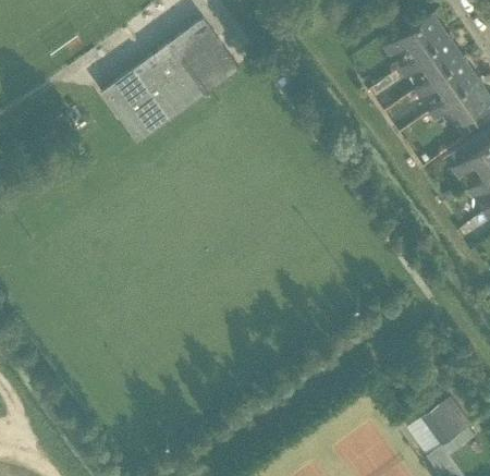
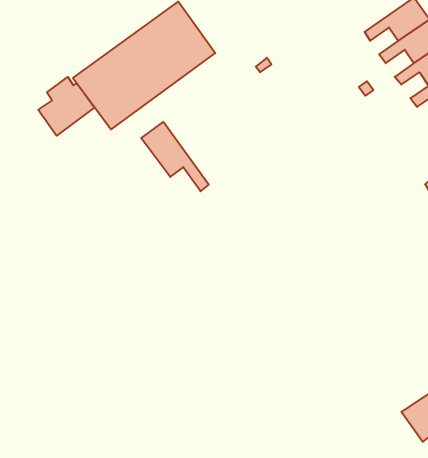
building: none -> [38,77,94,136]
building: none -> [141,122,209,191]

